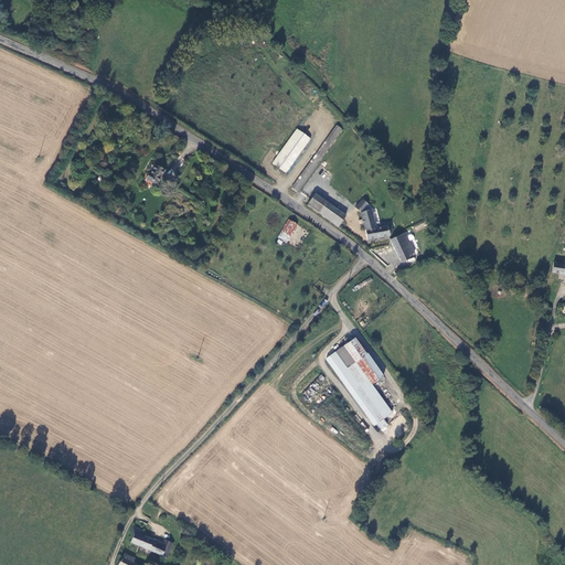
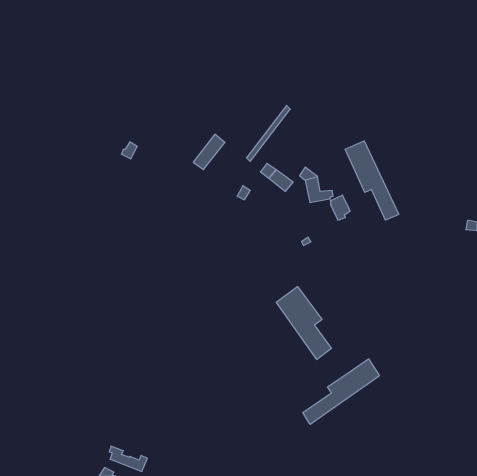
building: [273,129,310,171] -> [193,134,225,170]
building: none -> [345,141,399,220]
building: none -> [303,359,379,424]

